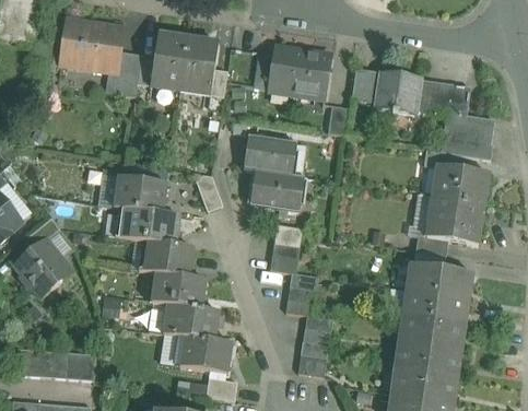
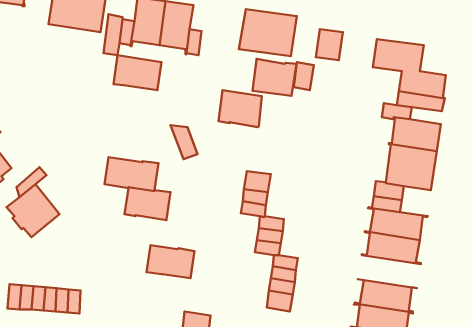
building: [376,71,418,114] -> none
building: [253,169,301,210] -> [252,59,297,96]
building: [114,175,166,213] -> [114,55,162,90]
building: [150,271,204,308] -> none
building: [397,315,466,351] -> none
building: [178,336,232,373] -> none

